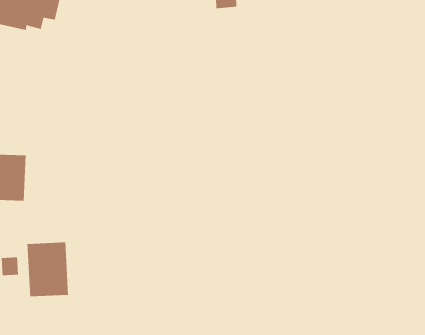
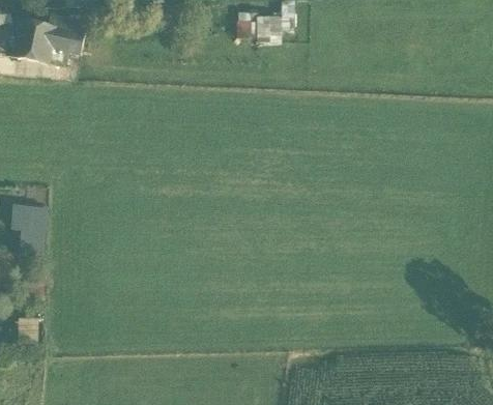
building: [27,242,69,297] -> none

